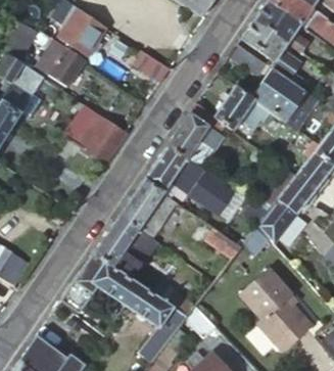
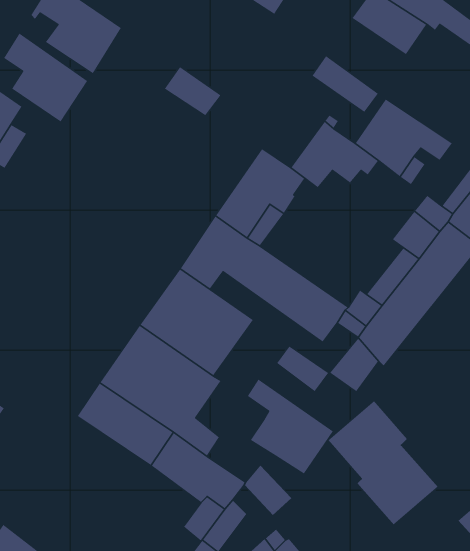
building: [241,20,289,62] -> none
building: [65,105,127,164] -> none
building: none -> [247,378,334,474]

